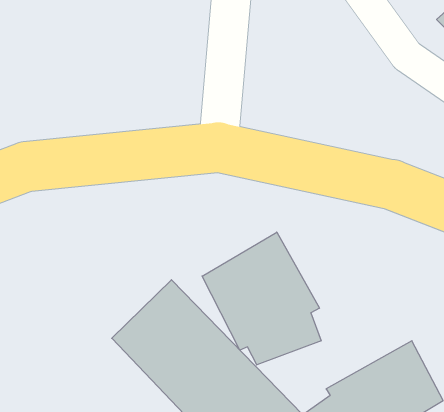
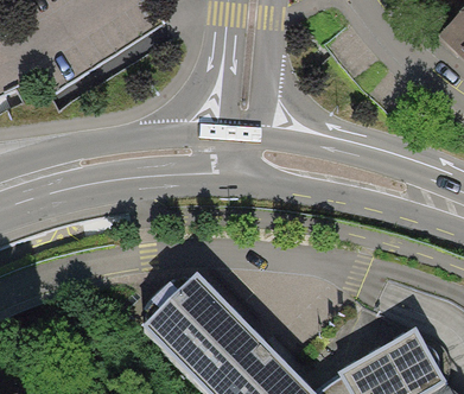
building: [202,232,321,365] -> none

